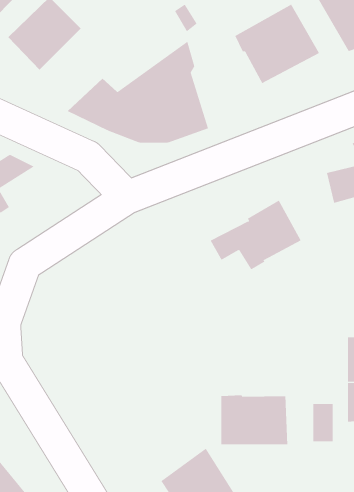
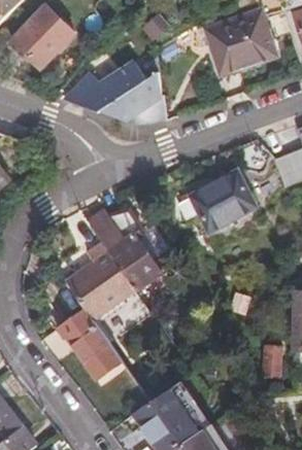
building: none -> [61,215,167,375]
building: [221,394,288,445] -> none

